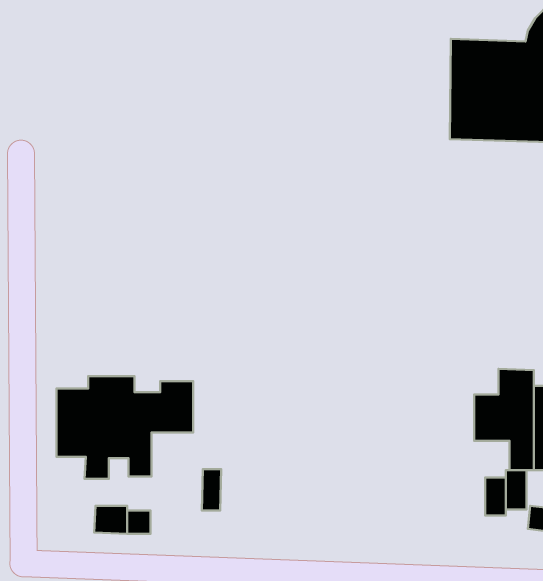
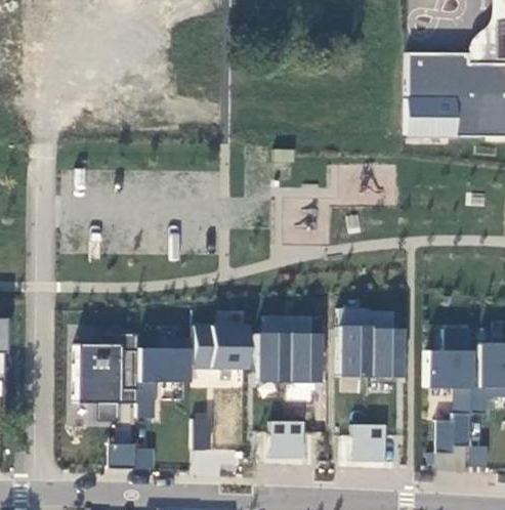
building: none -> [339,307,402,378]
building: none -> [255,315,321,384]
building: none -> [196,323,248,366]
building: none -> [269,420,304,456]
building: none -> [351,424,385,460]

